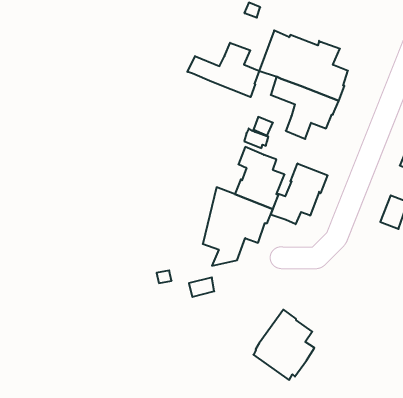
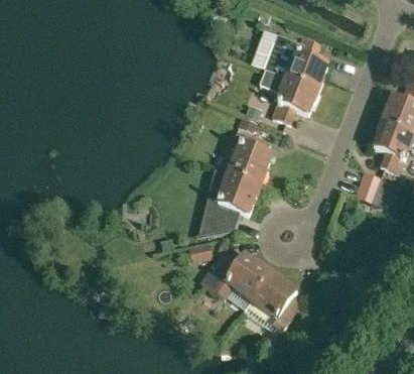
building: [187,43,259,97] -> none
building: [271,163,328,224] -> none
building: none -> [200,254,271,306]

